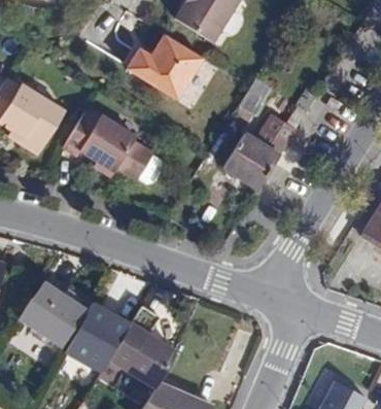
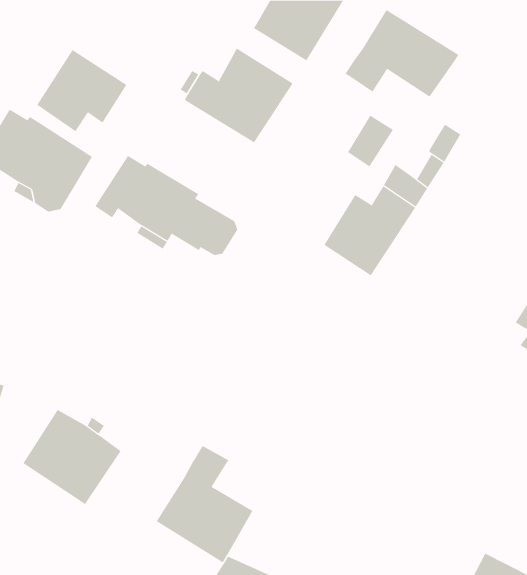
building: none -> [345,9,459,97]
building: none -> [37,49,127,132]
building: [60,312,134,361] -> none

